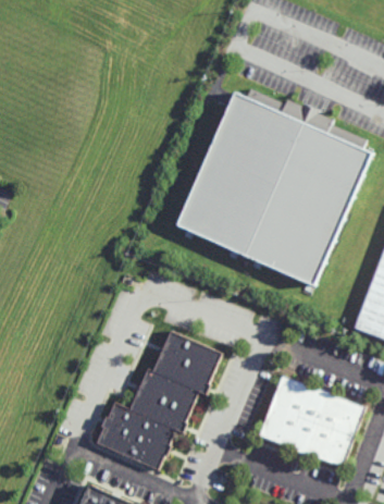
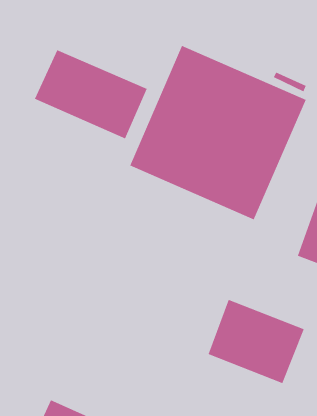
building: none -> [34,49,148,139]
building: [97,331,220,469] -> none

